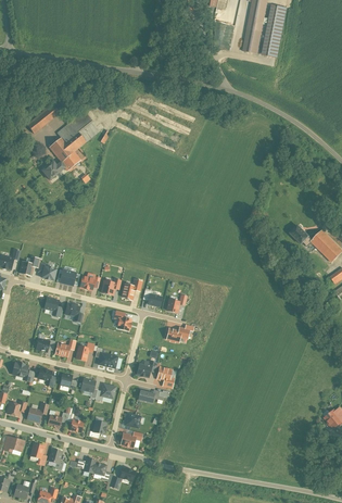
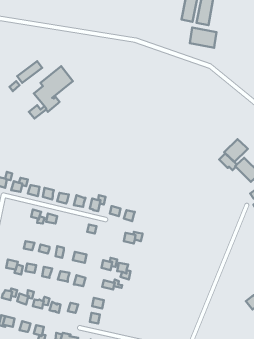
building: none -> [190,27,216,48]
building: none -> [224,139,248,162]

